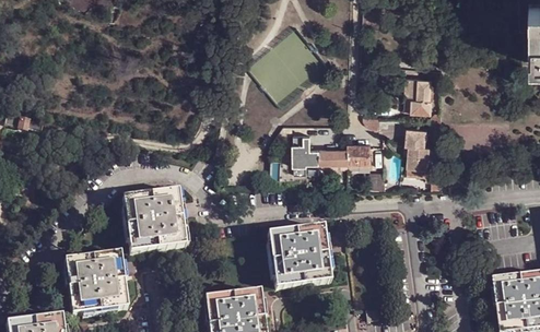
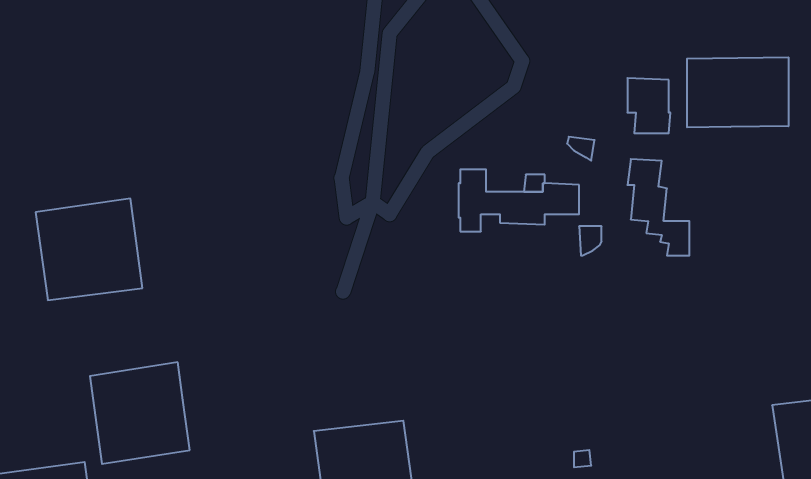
building: none -> [687,57,788,127]
building: [121,188,189,252] -> [36,199,142,300]
building: [271,224,334,286] -> none

